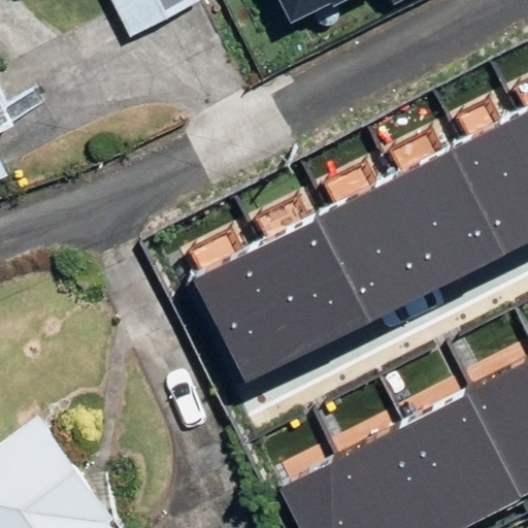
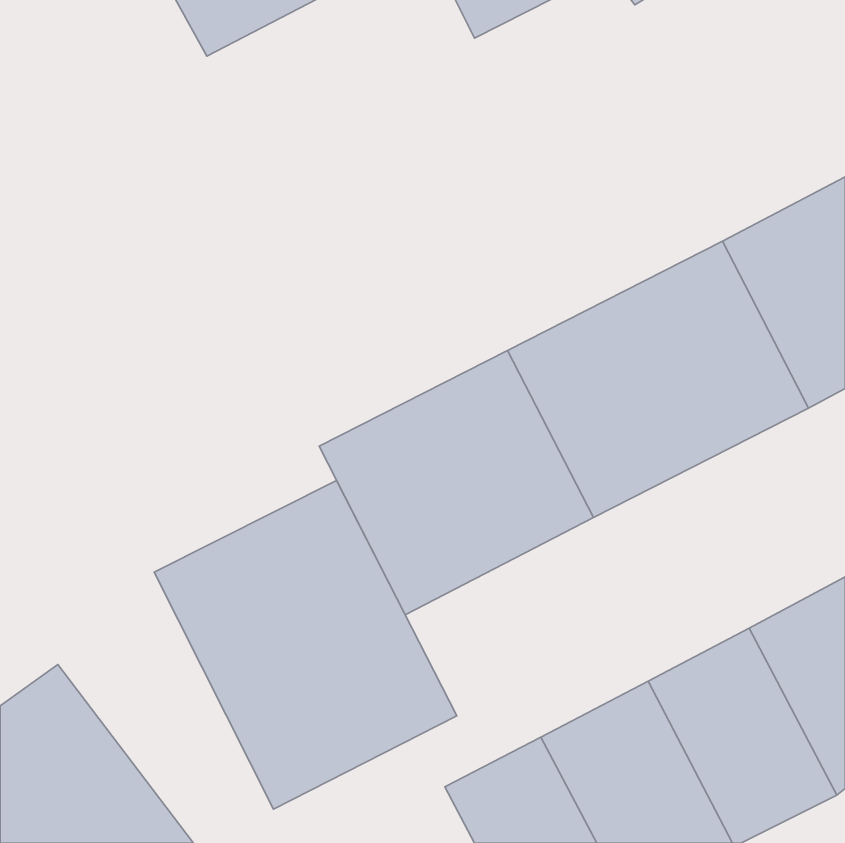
building: none -> [154,480,457,809]

